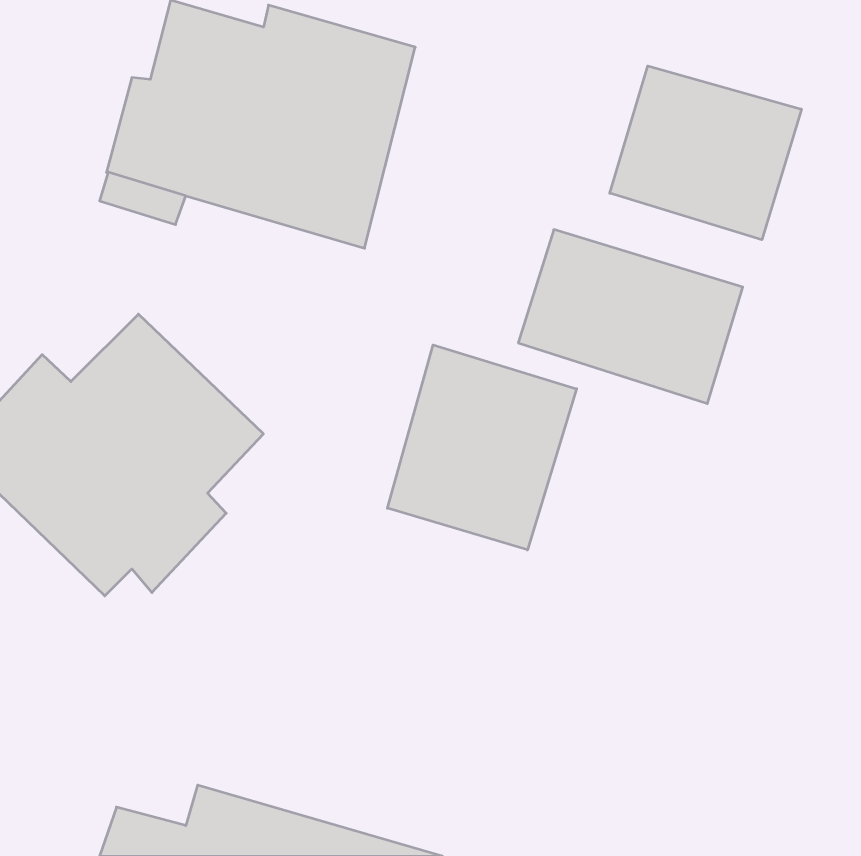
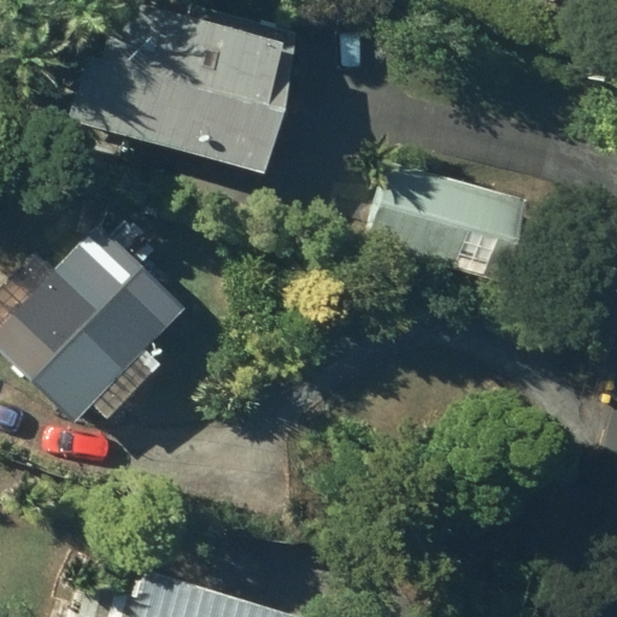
building: [610,66,801,240] -> none
building: [387,345,577,550] -> none

